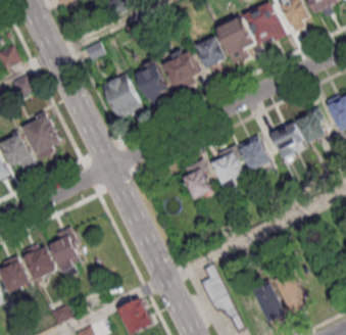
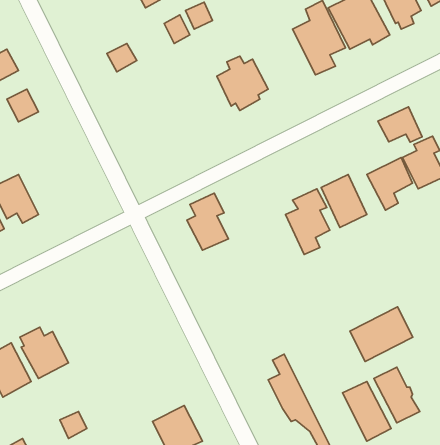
building: [196,36,225,68] -> none
building: [135,60,166,104] -> none
building: [102,74,143,119] -> none
building: none -> [378,107,422,142]
building: [22,115,61,159] -> none
building: [182,159,211,200] -> [187,193,228,250]
building: [48,224,80,277] -> none
building: none -> [350,307,413,362]

